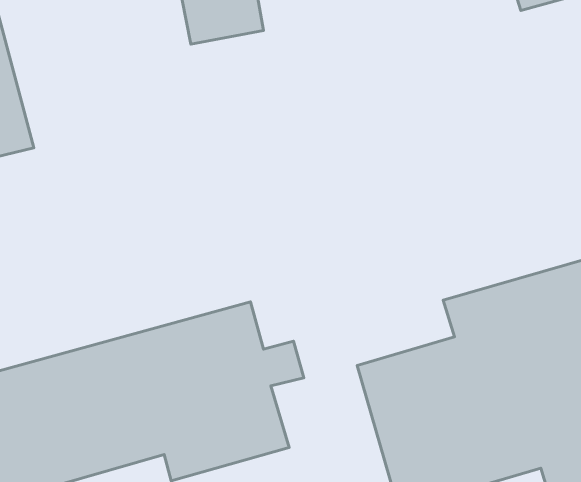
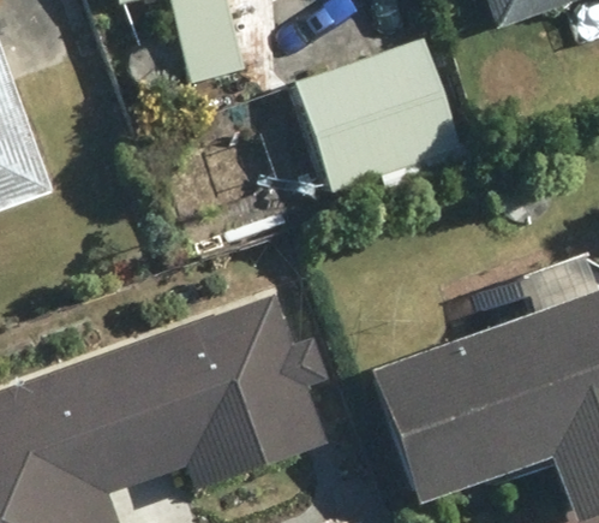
building: none -> [266,36,461,191]

